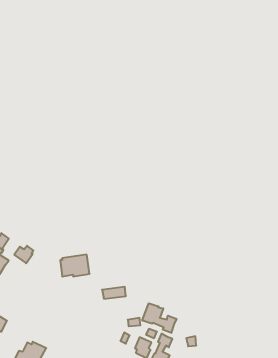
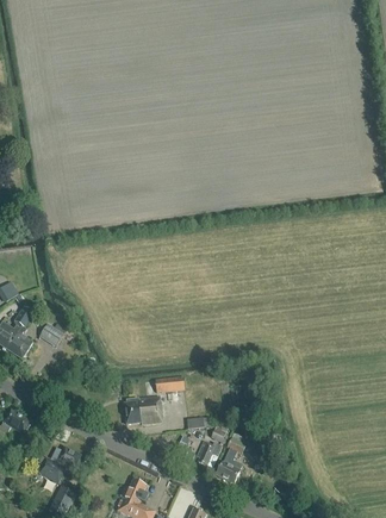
building: [60,255,90,276] -> [124,395,162,424]
building: [142,303,176,333] -> none

